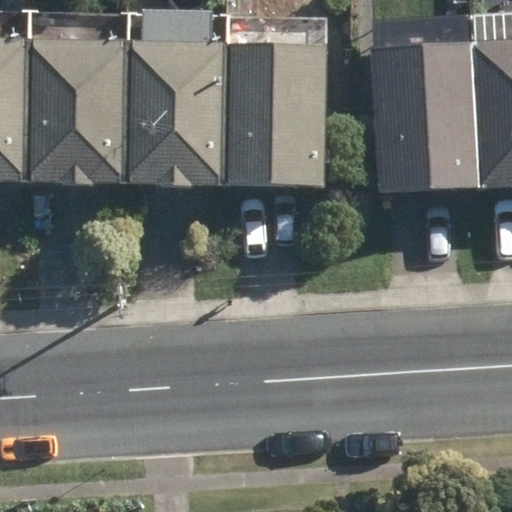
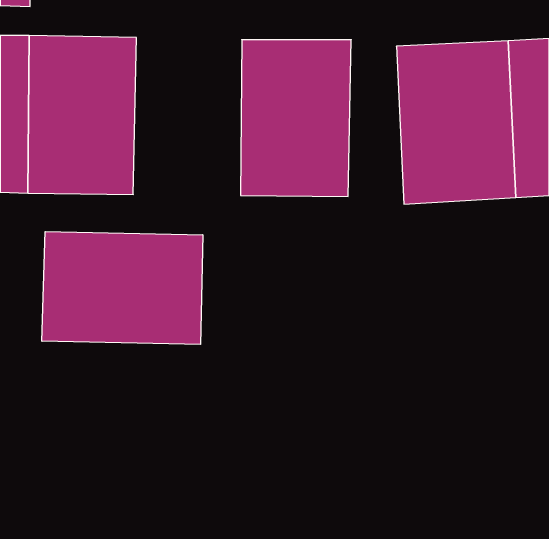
building: [124,35,225,182] -> none
building: none -> [42,232,203,344]

